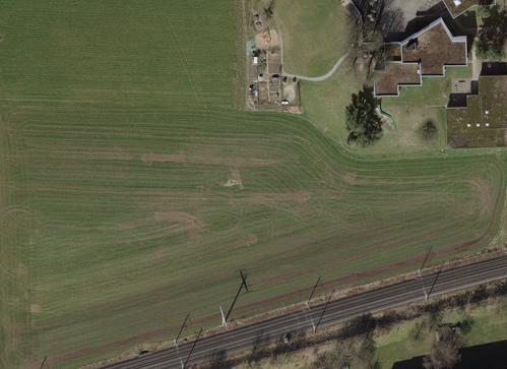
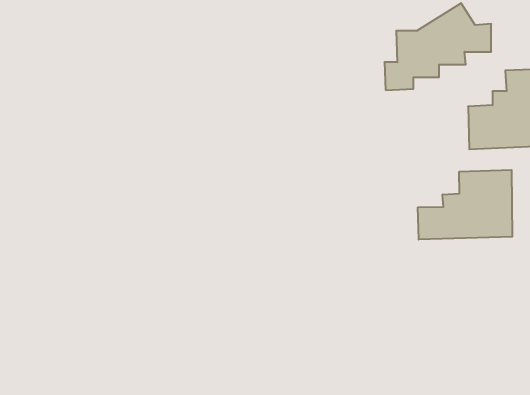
building: none -> [418,170,512,240]

